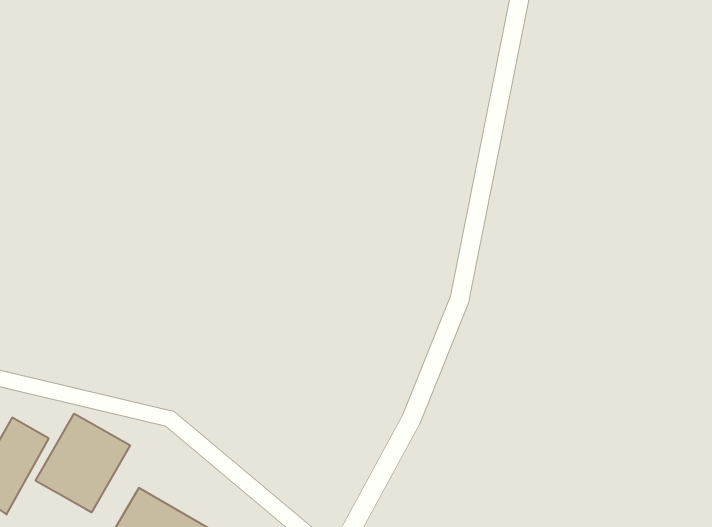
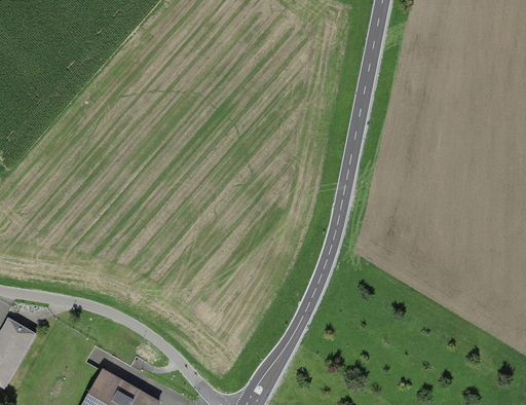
building: [36,414,130,512] -> none

